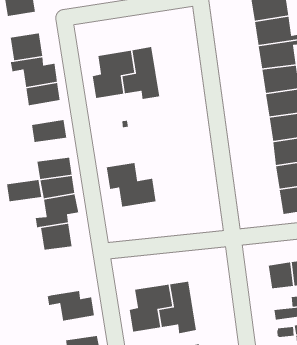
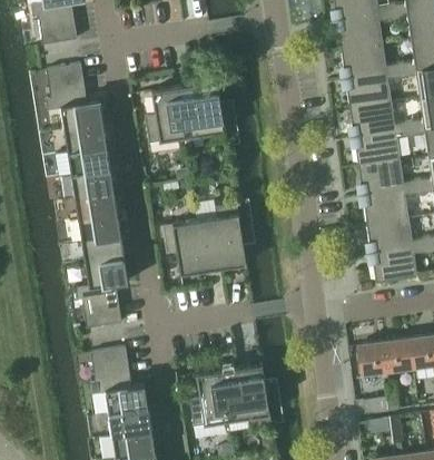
building: none -> [69,146,112,175]
building: none -> [198,203,247,268]
building: [6,179,42,202] -> [76,192,119,219]
building: none -> [91,348,131,381]
building: none -> [110,407,152,435]

